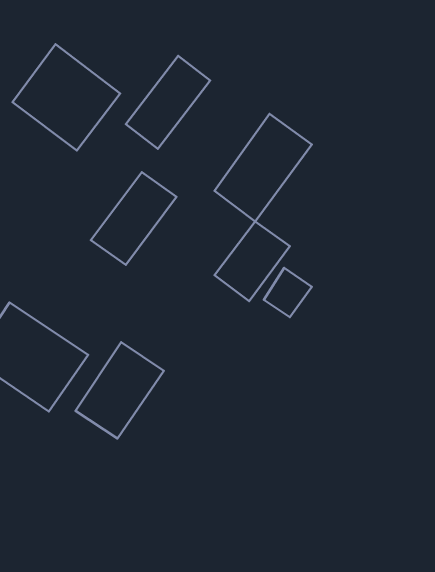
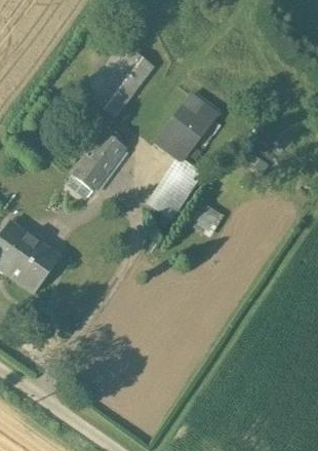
building: [12,44,120,150] -> none
building: [75,342,164,438] -> none

